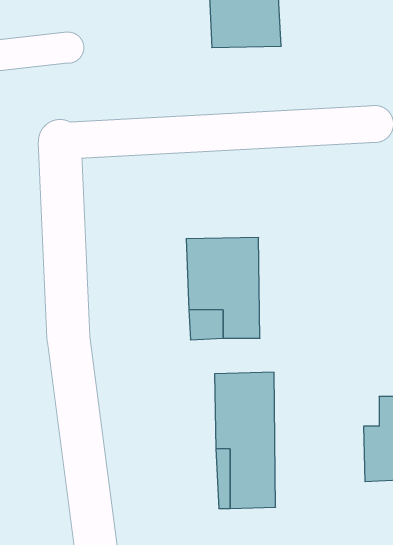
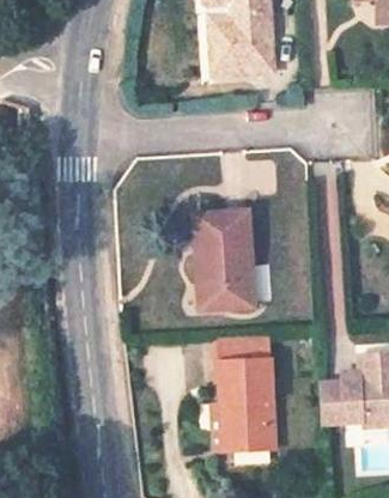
building: none -> [317,383,344,431]

